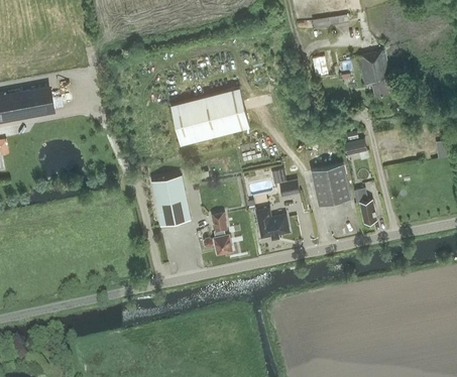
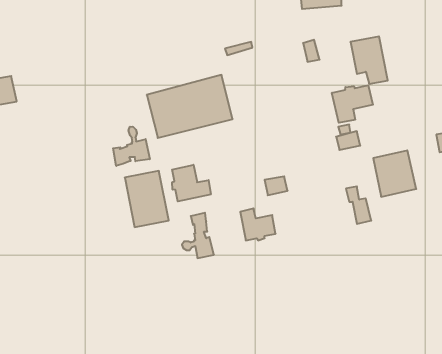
building: none -> [332,85,373,123]
building: none -> [113,127,150,166]
building: [312,164,351,207] -> [373,150,416,197]
building: none -> [172,165,211,201]

